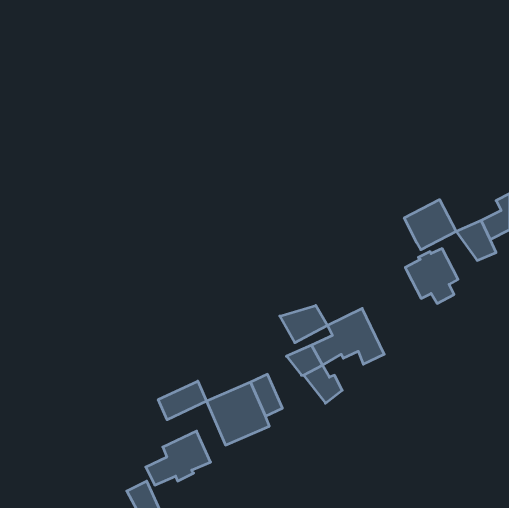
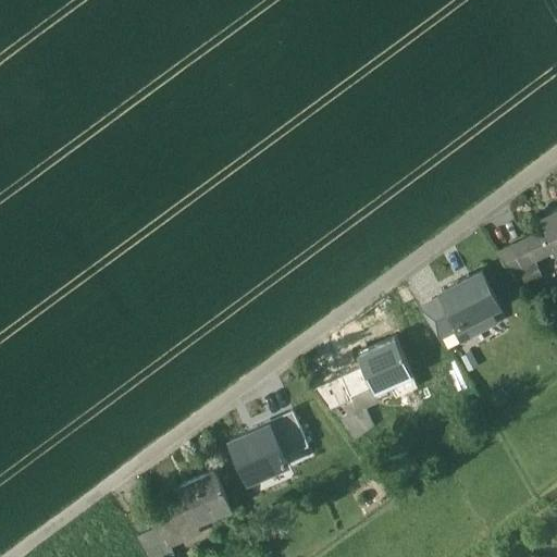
building: [404,200,456,250] -> none
building: none -> [422,298,460,338]
building: [280,305,327,343] -> none
building: [158,381,207,420] -> none

